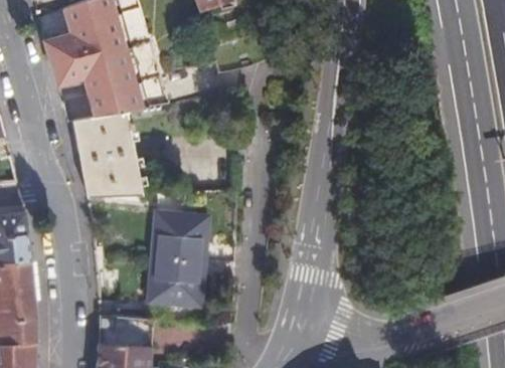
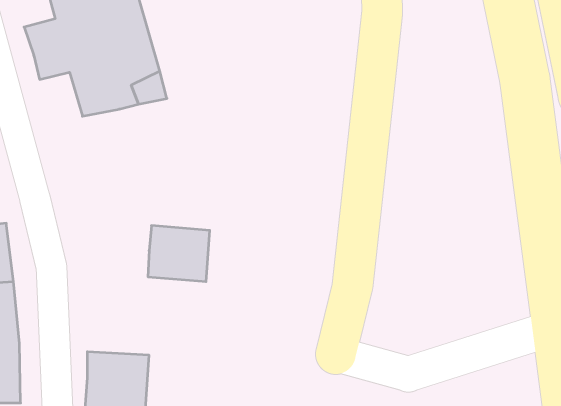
building: [67,113,140,201] -> none
building: [143,254,196,304] -> none

